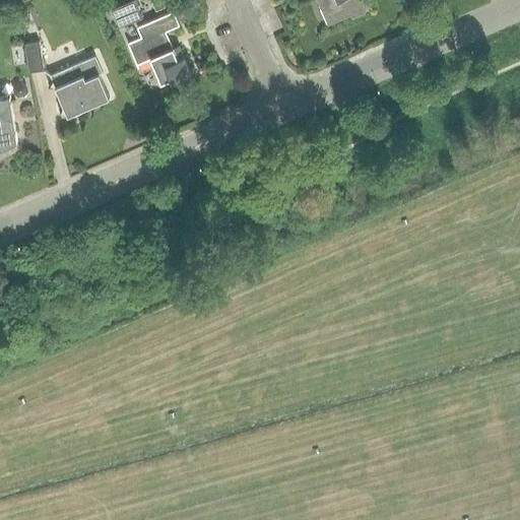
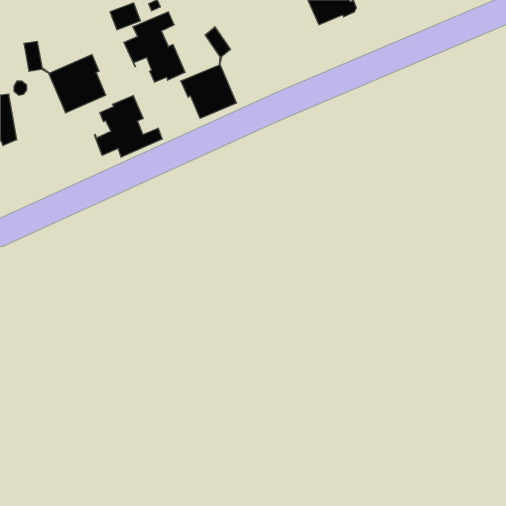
building: none -> [181,27,237,118]
building: none -> [94,95,162,157]

